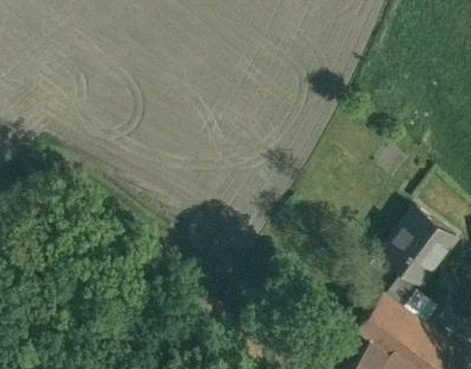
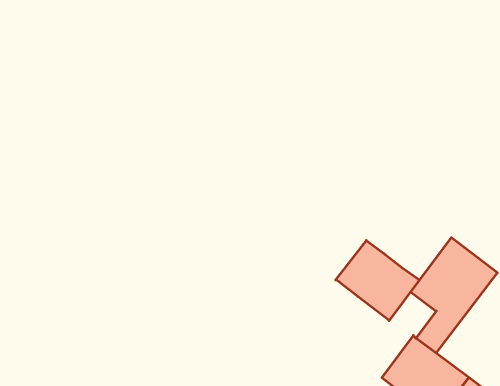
building: none -> [336,240,419,321]

